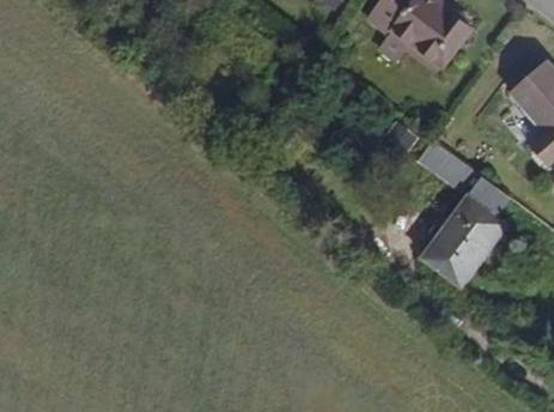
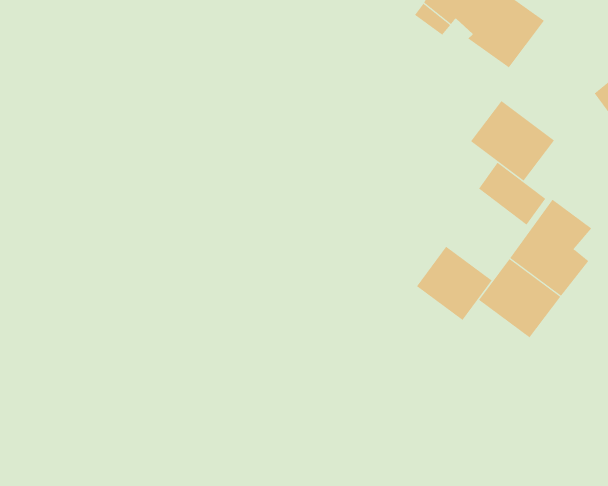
building: none -> [470,100,555,181]
building: none -> [416,246,492,321]

